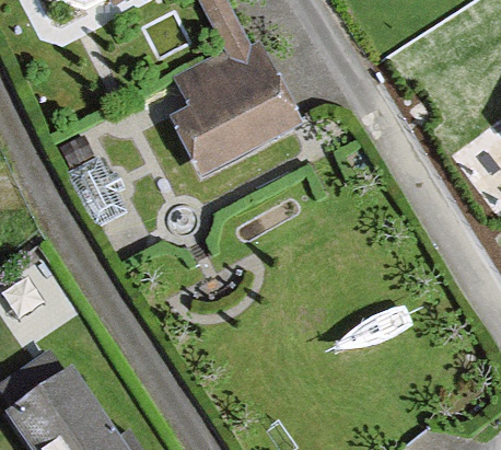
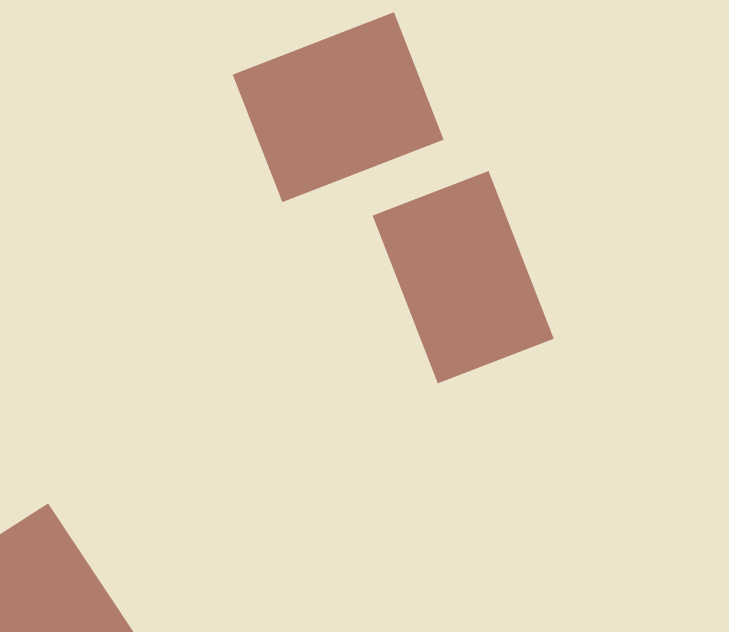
building: none -> [372,170,554,384]

